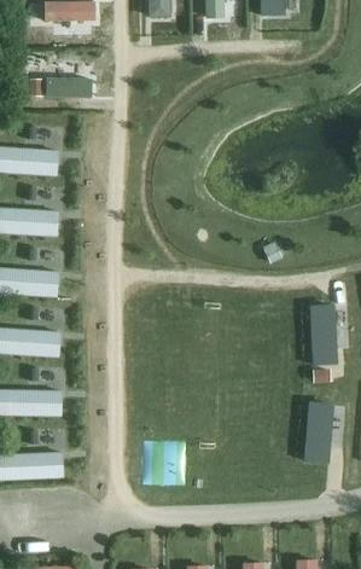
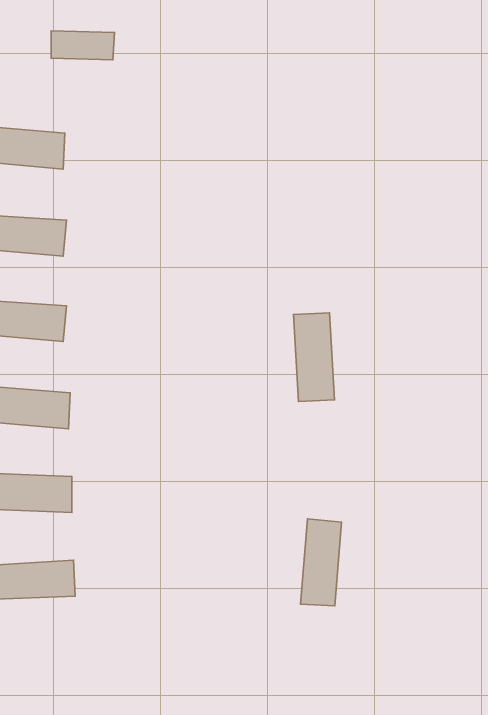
building: [309,303,338,366] -> [294,313,335,402]
building: [304,401,333,463] -> [301,519,342,606]

